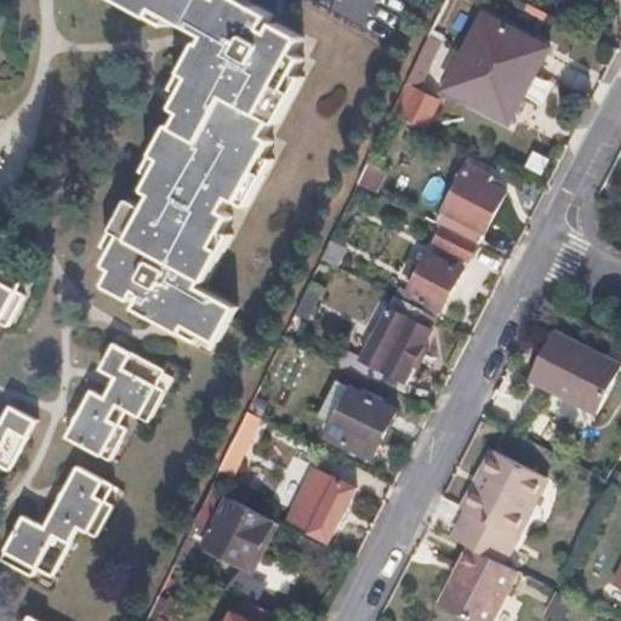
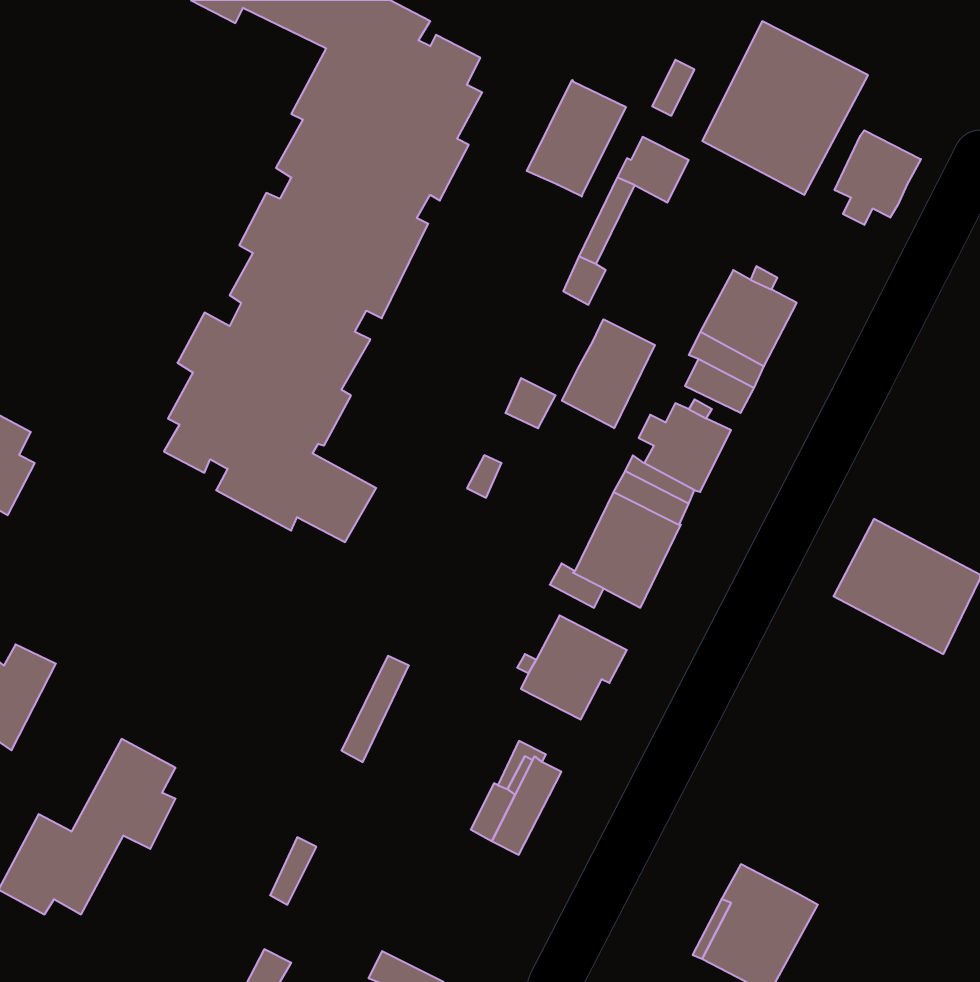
building: none -> [527,80,626,197]
building: none -> [835,130,921,225]
building: none -> [562,319,655,428]
building: [64,342,165,457] -> none
building: [451,449,546,564] -> none
building: [189,490,272,571] -> none

